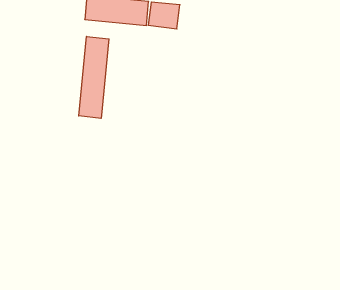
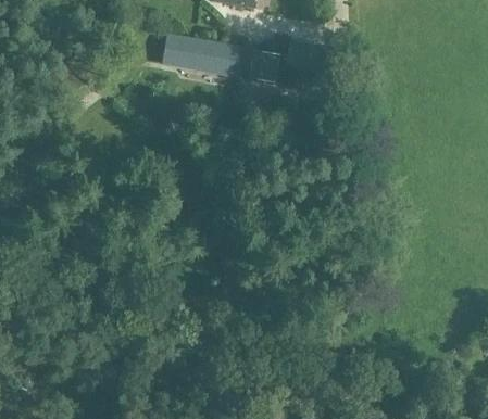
building: [79,36,109,118] -> none

